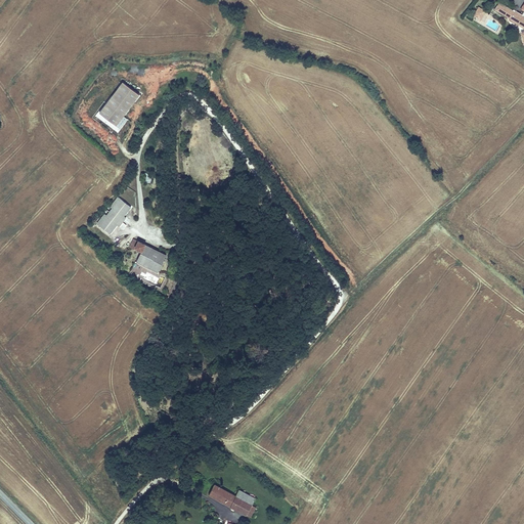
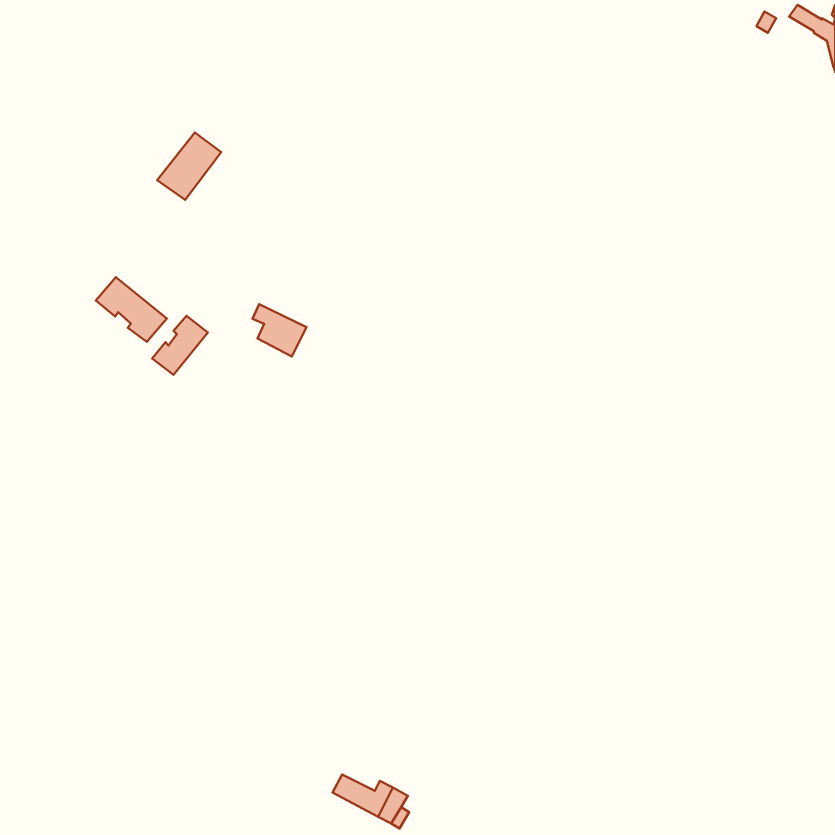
building: none -> [96,277,167,342]
building: [132,243,166,275] -> [253,304,307,357]

